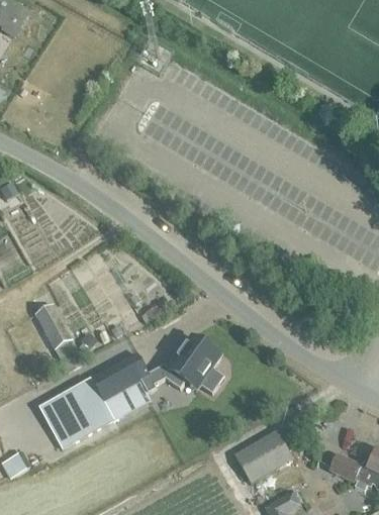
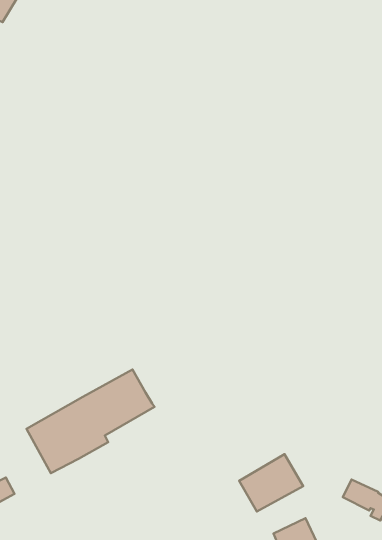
building: [35,303,76,349] -> none
building: [164,331,215,387] -> none

